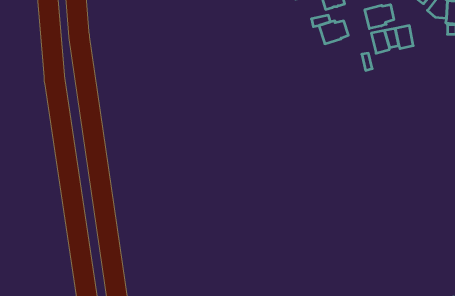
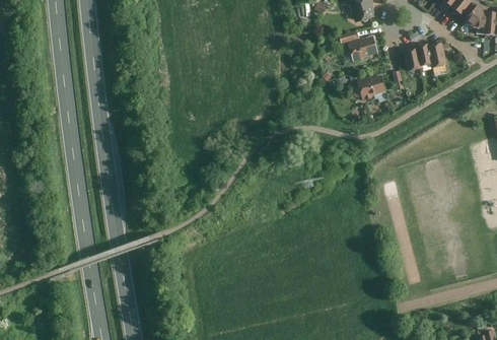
building: [365,5,394,29] -> none
building: none -> [353,73,386,97]

